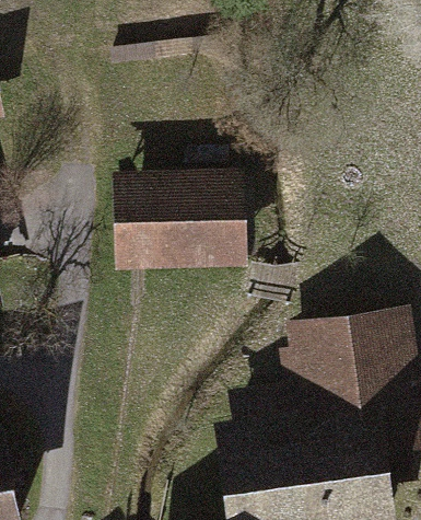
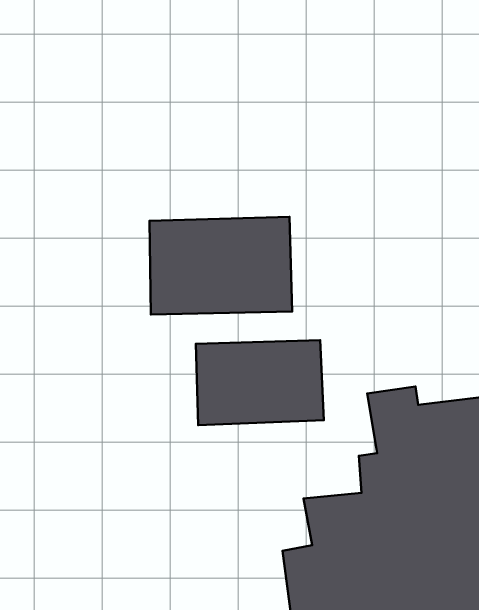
building: none -> [196,340,324,425]

